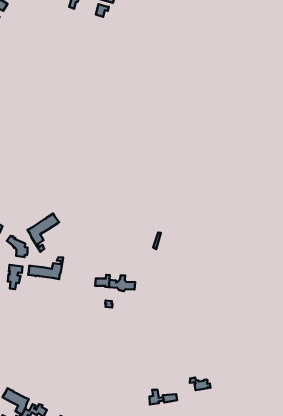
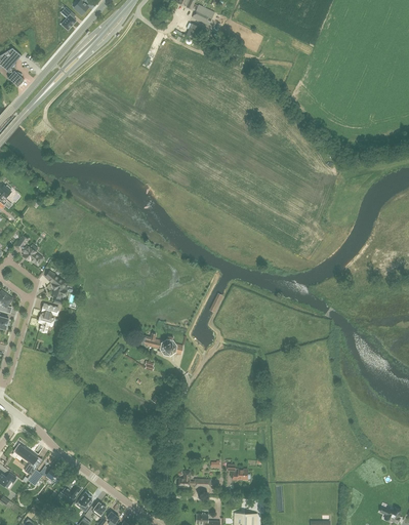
building: [28,214,59,252] -> none
building: [28,257,63,279] -> none

